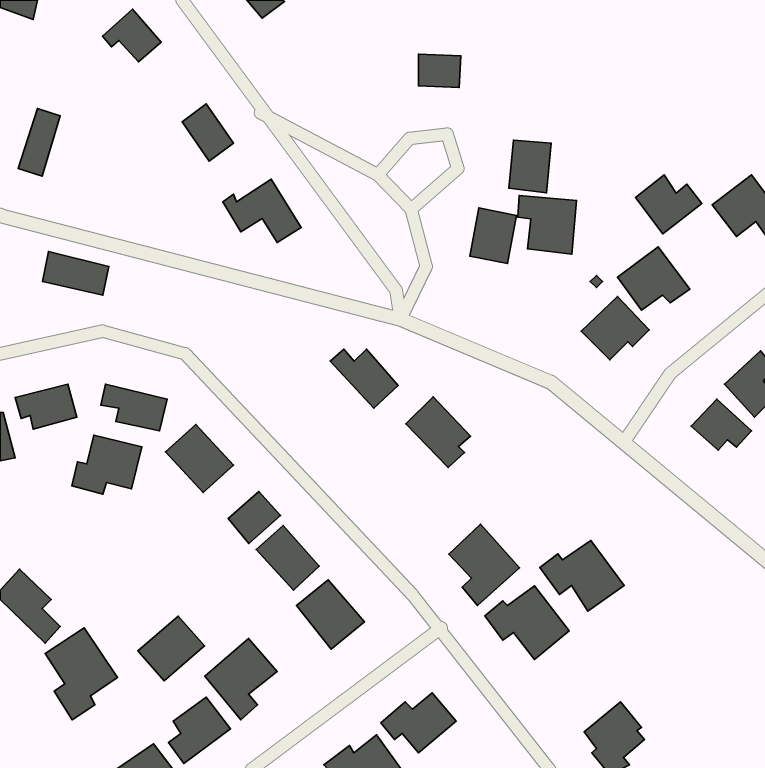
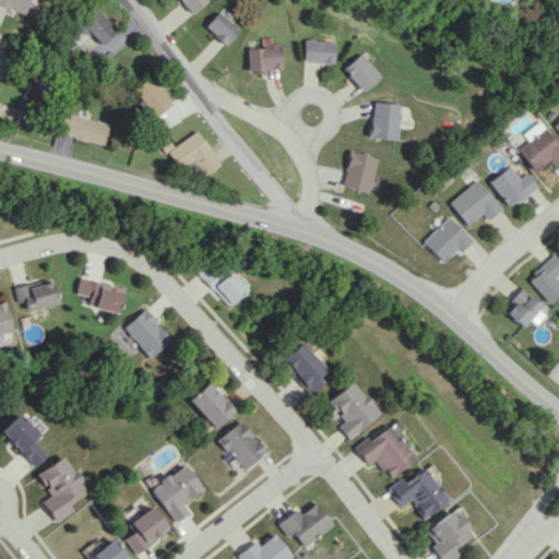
building: none -> [207,12,241,46]
building: none -> [250,44,285,72]
building: none -> [346,55,383,92]
building: [636,175,702,234] -> [491,166,539,209]
building: [518,196,577,254] -> none
building: [43,251,109,295] -> [62,114,110,145]
building: [330,349,398,408] -> [198,264,247,307]
building: [406,397,471,468] -> [281,342,328,393]
building: [72,435,142,494] -> none
building: [228,491,281,544] -> none
building: [540,540,624,611] -> [389,468,450,520]
building: [138,616,204,681] -> none

